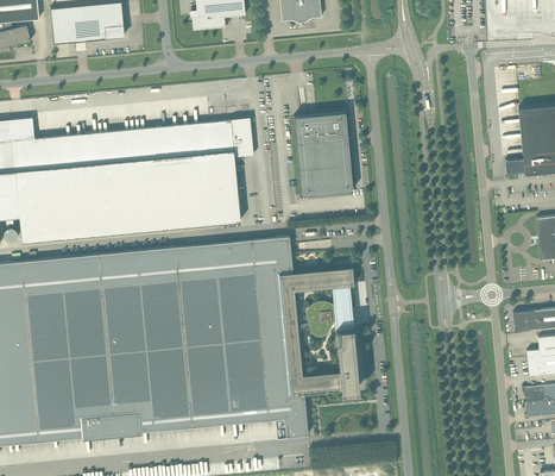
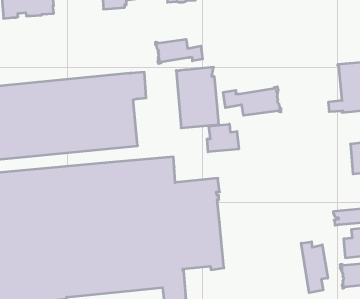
building: none -> [156,39,203,64]
building: none -> [223,87,281,115]
building: none -> [207,124,239,152]
building: none -> [301,242,328,293]

